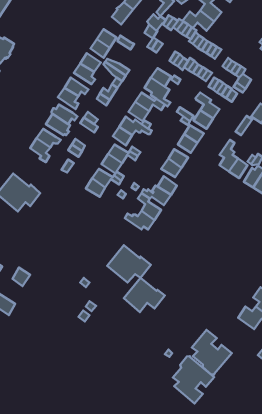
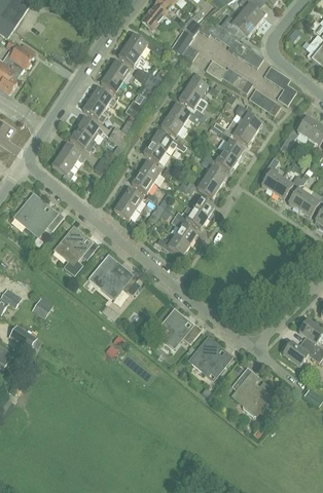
building: none -> [55,226,98,274]
building: [107,245,151,282] -> [89,255,138,296]
building: none -> [188,336,231,375]
building: [173,356,214,404] -> none

